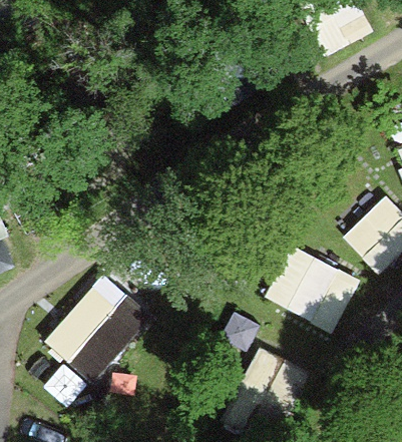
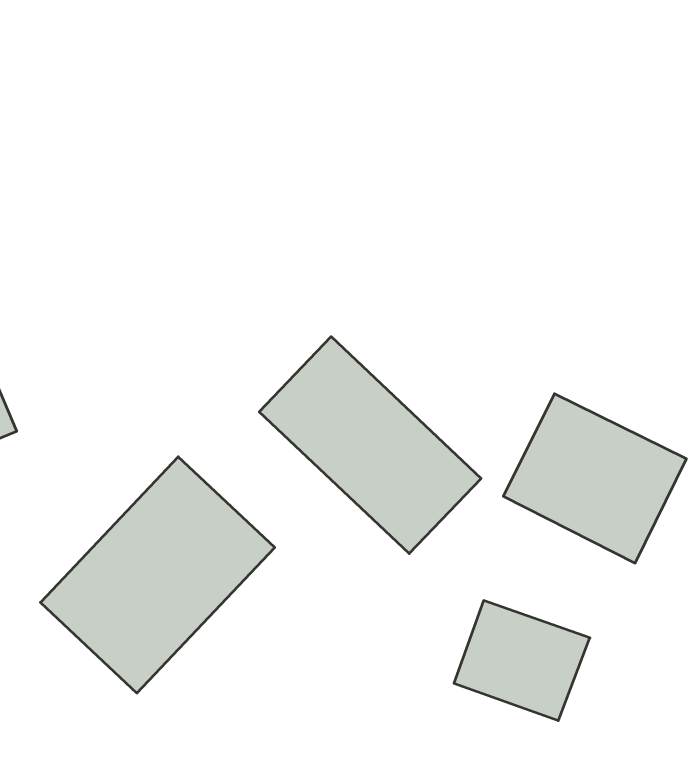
building: none -> [259,337,481,554]

